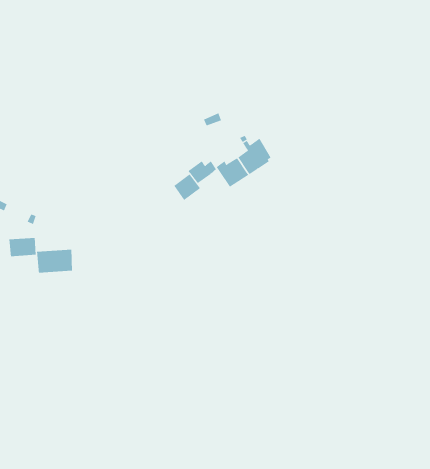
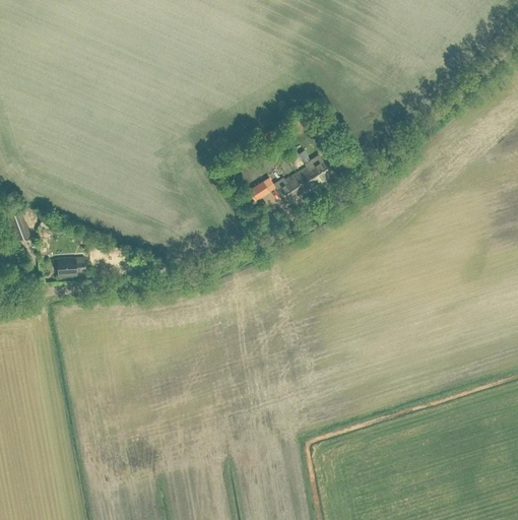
building: [174,174,201,201] -> none
building: [36,249,72,273] -> none

